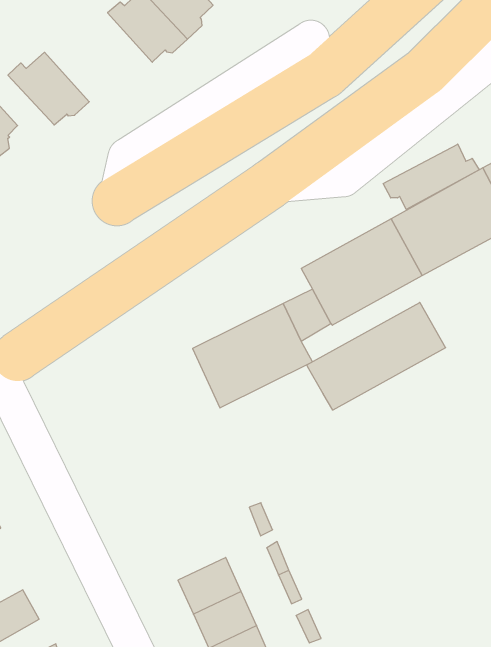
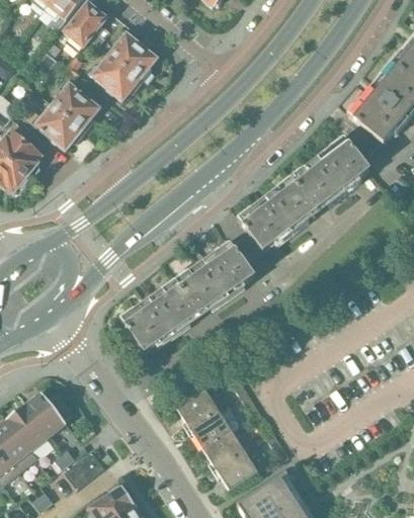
building: none -> [53,81,100,133]
building: [383,144,479,209] -> none
building: [307,302,446,410] -> none
building: none -> [120,280,199,354]
building: none -> [176,391,218,430]

